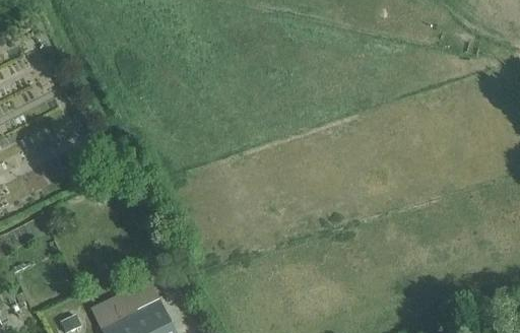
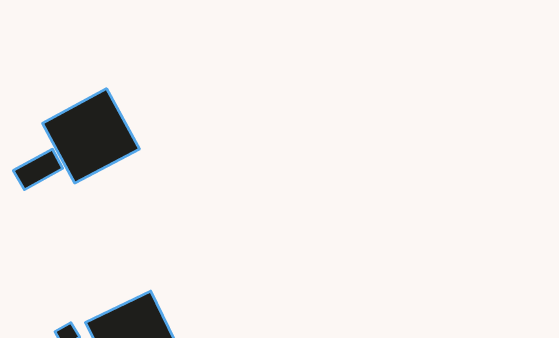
building: none -> [43,89,139,183]

